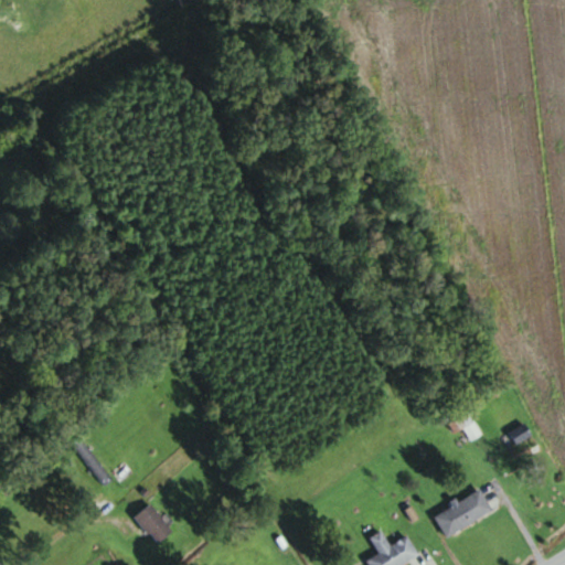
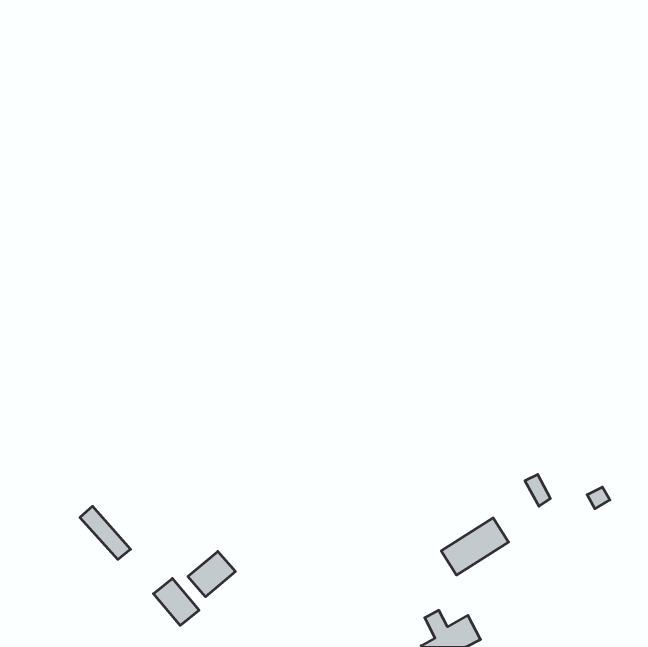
building: none -> [188,551,235,597]
building: [434,489,492,539] -> [441,518,509,575]

